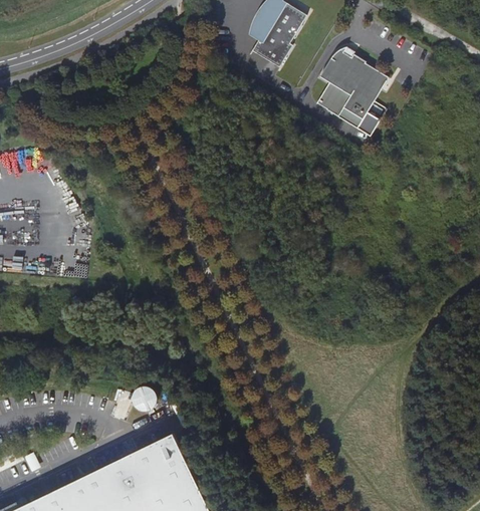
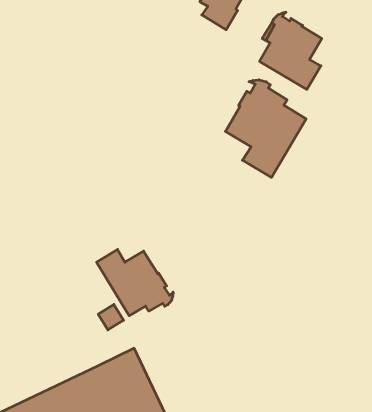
building: none -> [225,80,306,177]
building: none -> [97,249,173,316]

